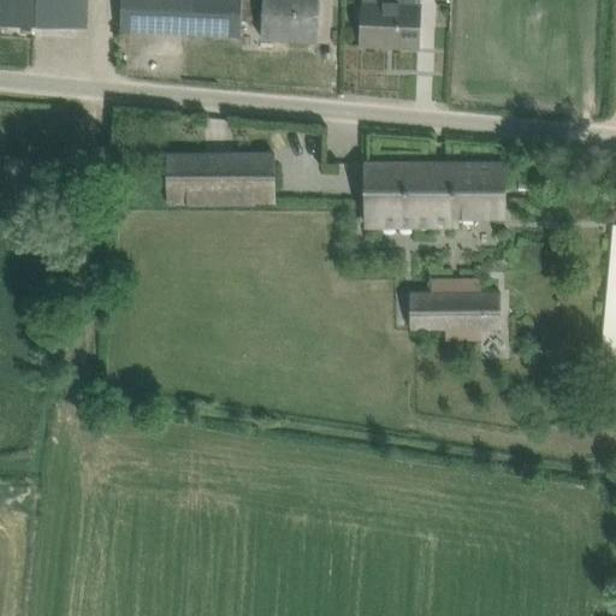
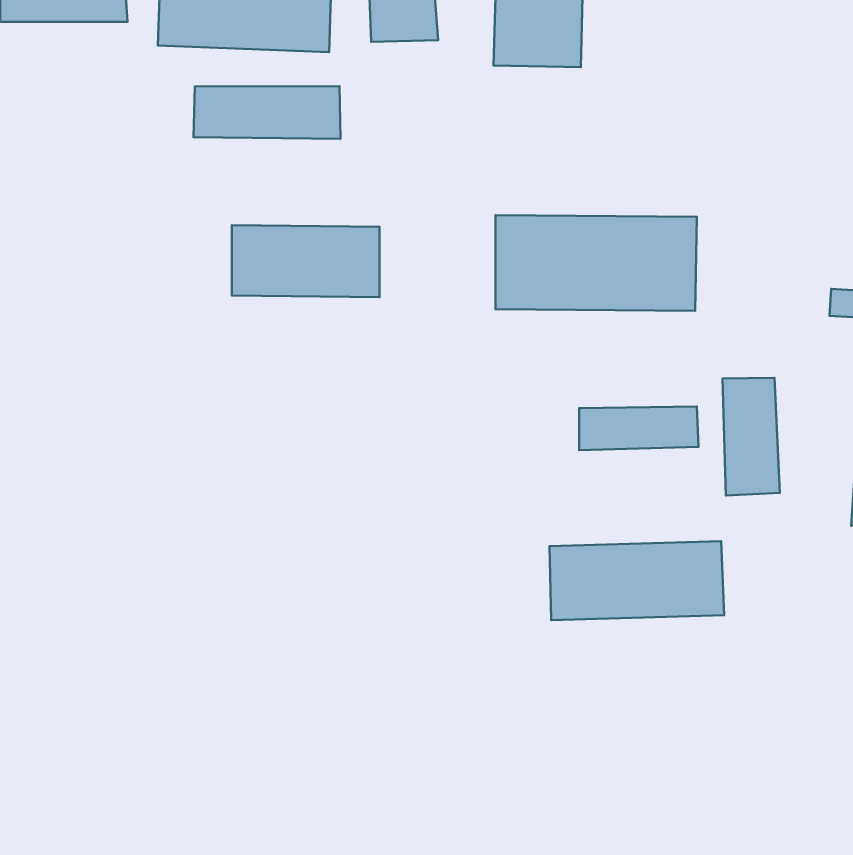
building: none -> [193,86,340,139]
building: none -> [723,378,780,495]
building: none -> [550,541,724,620]

